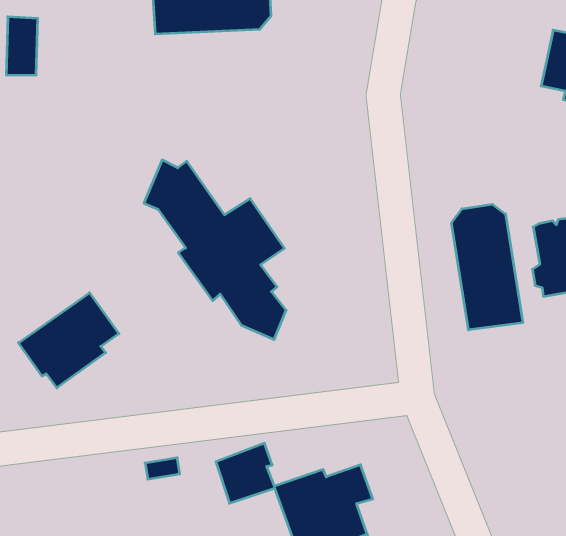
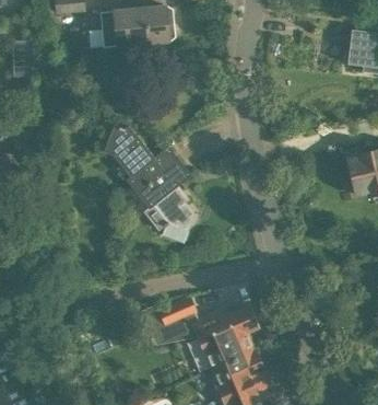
building: [452,204,523,330] -> none
building: [18,293,119,388] -> none

